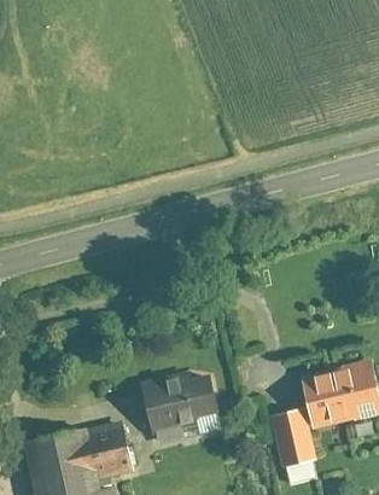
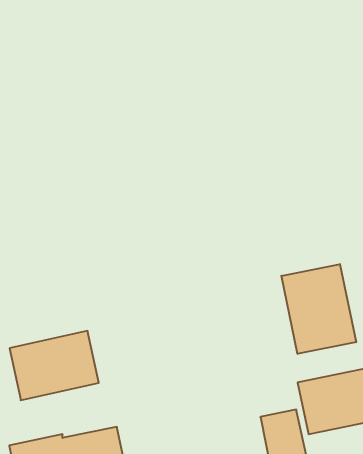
building: none -> [281,264,356,354]
building: [140,369,227,437] -> [10,331,99,400]

